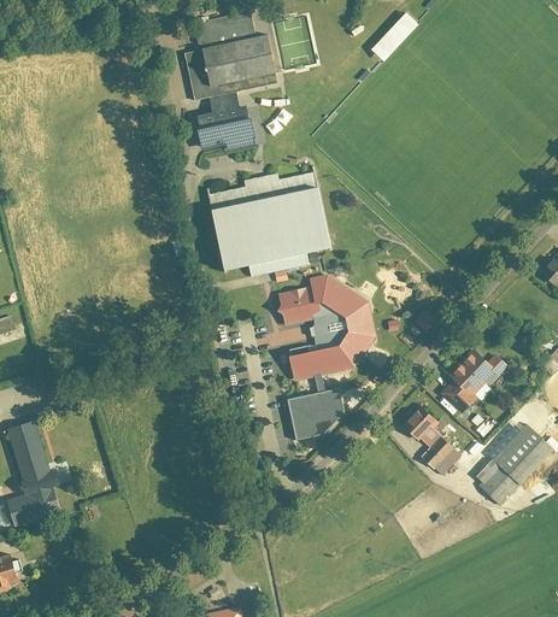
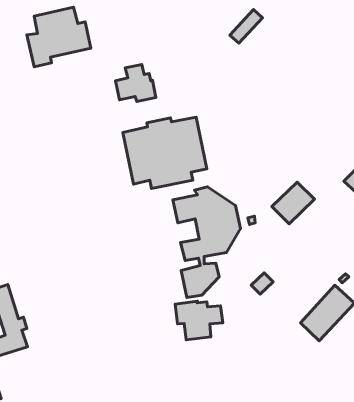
building: [183,12,277,100] -> [27,7,91,67]
building: [428,345,491,406] -> [272,182,315,224]
building: [415,430,454,471] -> none
building: none -> [175,301,223,340]

